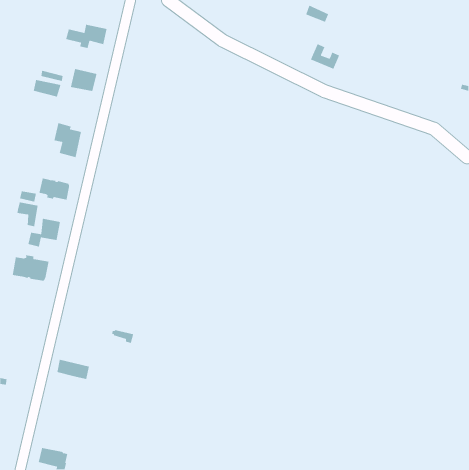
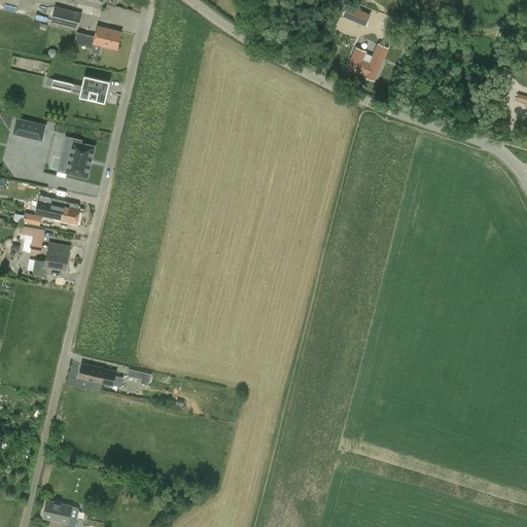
building: none -> [49,7,81,30]
building: [33,79,61,98] -> [12,119,44,140]
building: [12,255,49,282] -> none
building: [57,359,90,380] -> [78,363,115,387]

